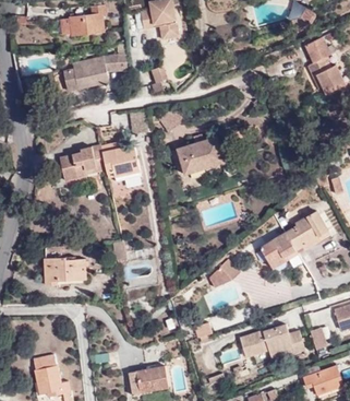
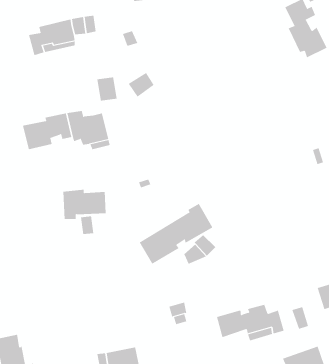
building: [177,137,224,174] -> none
building: [260,211,329,269] -> [139,203,213,265]
building: [44,257,85,285] -> [63,189,107,219]

